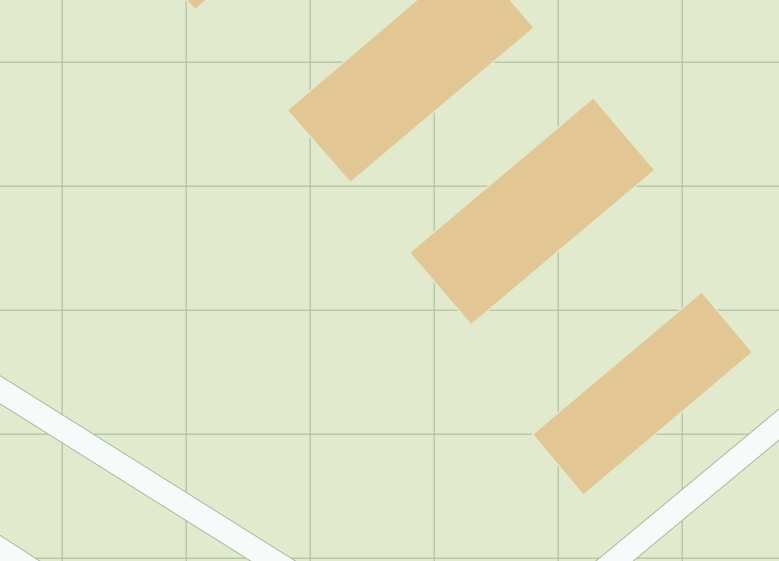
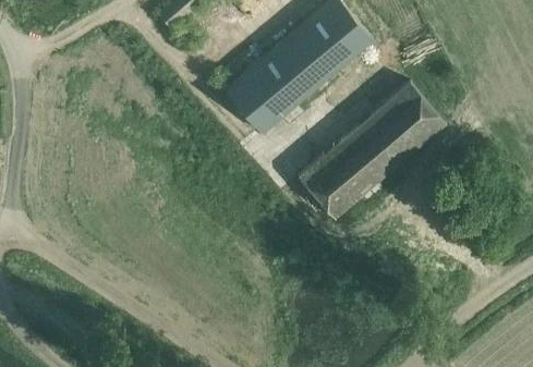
building: [533,292,753,495] -> none

